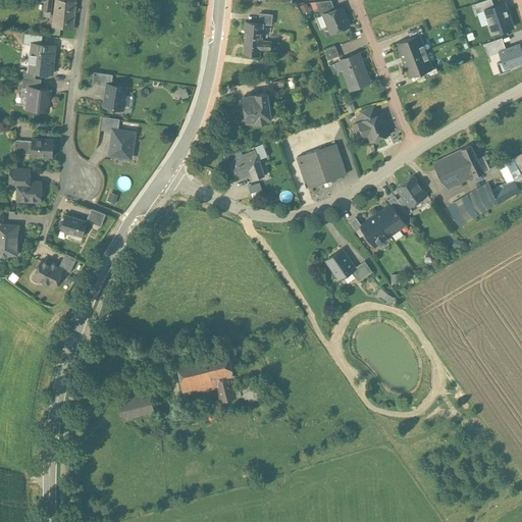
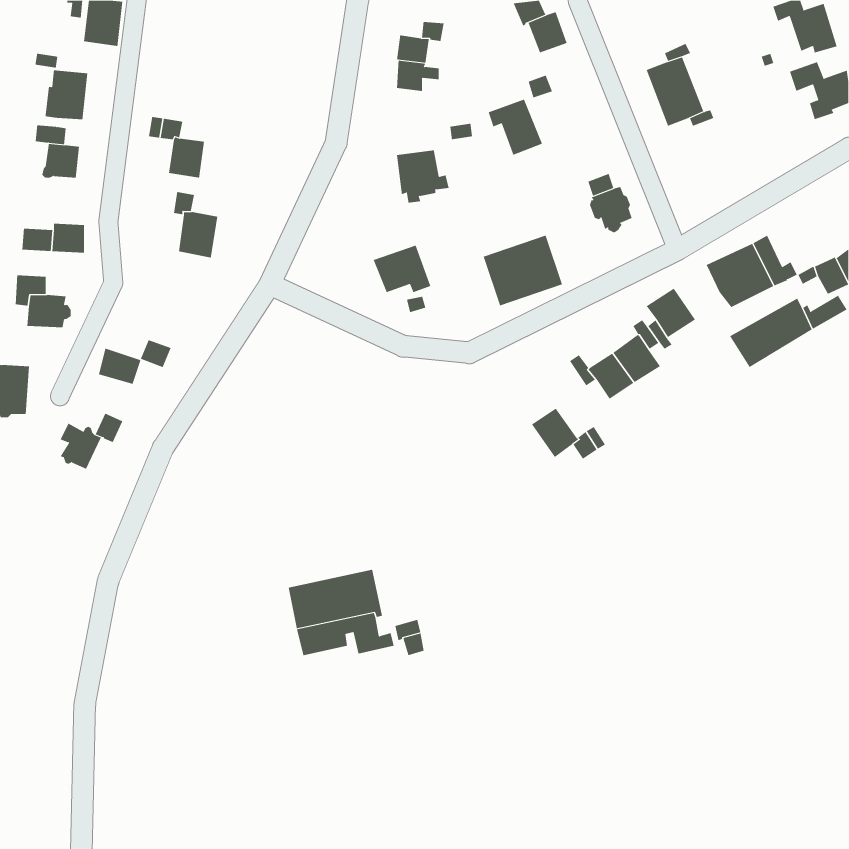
building: [334,55,368,90] -> [488,99,543,156]
building: [118,390,155,418] -> none

